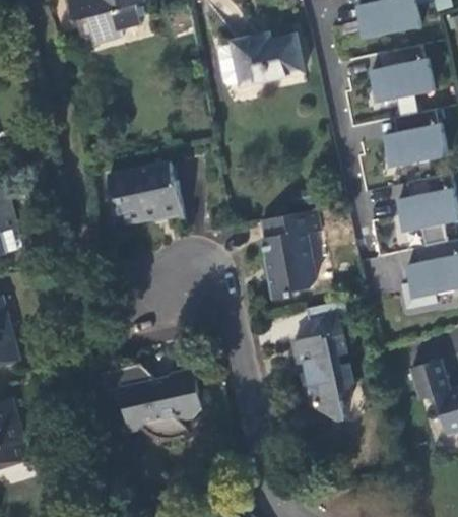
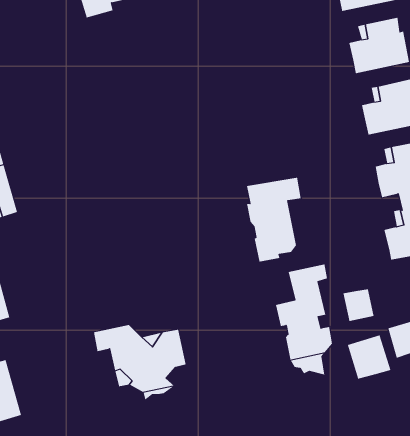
building: [230,38,302,87] -> none
building: [108,163,182,221] -> none
building: none -> [343,288,374,322]
building: none -> [347,335,391,379]

